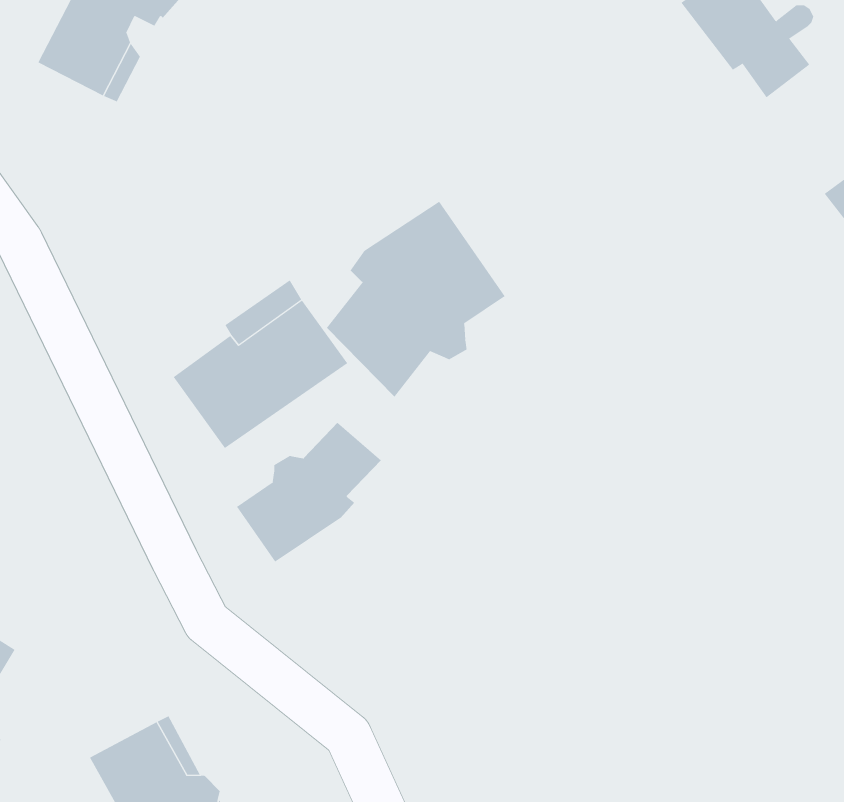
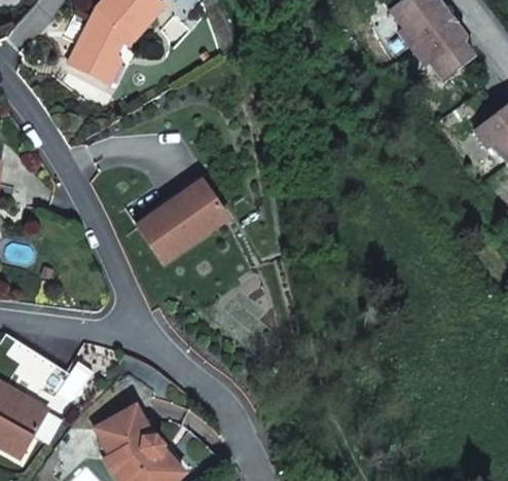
building: [326,201,506,397] -> none
building: [236,422,382,562] -> none

